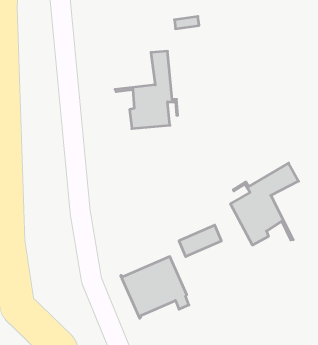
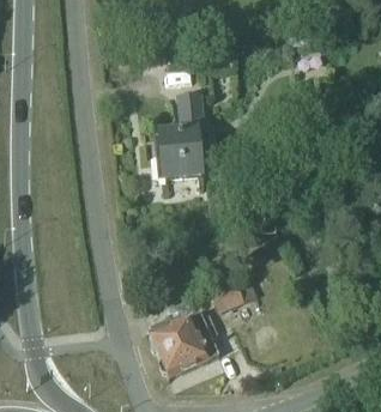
building: [231,163,299,245] -> none

